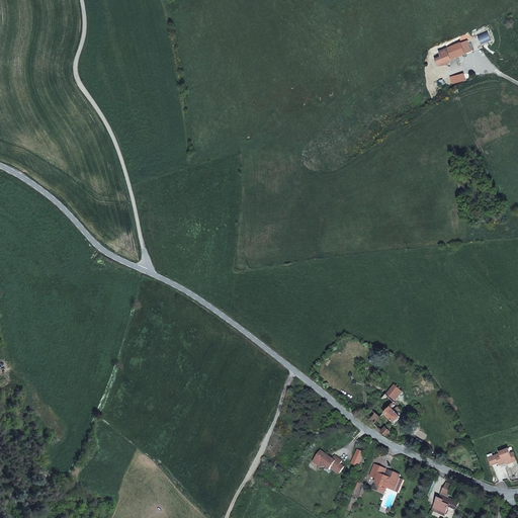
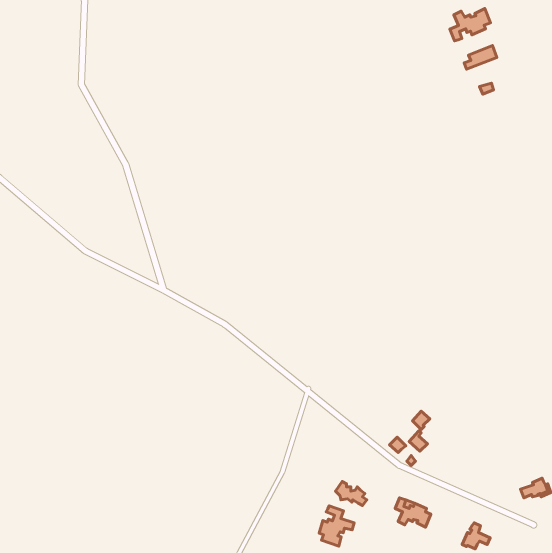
building: none -> [450,9,490,41]
building: none -> [319,506,354,546]

